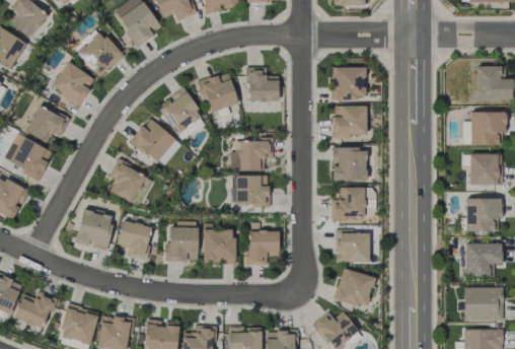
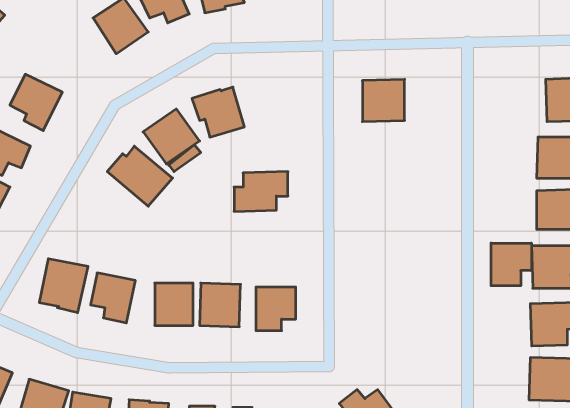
building: [76,30,123,77] -> none
building: [247,67,279,101] -> none
building: [333,106,366,137] -> none
building: [332,147,367,181] -> none
building: [108,160,152,202] -> none
building: [235,174,268,206] -> none
building: [332,187,364,218] -> none
building: none -> [491,243,531,286]
building: [336,230,369,261] -> none
building: [334,268,376,307] -> none

